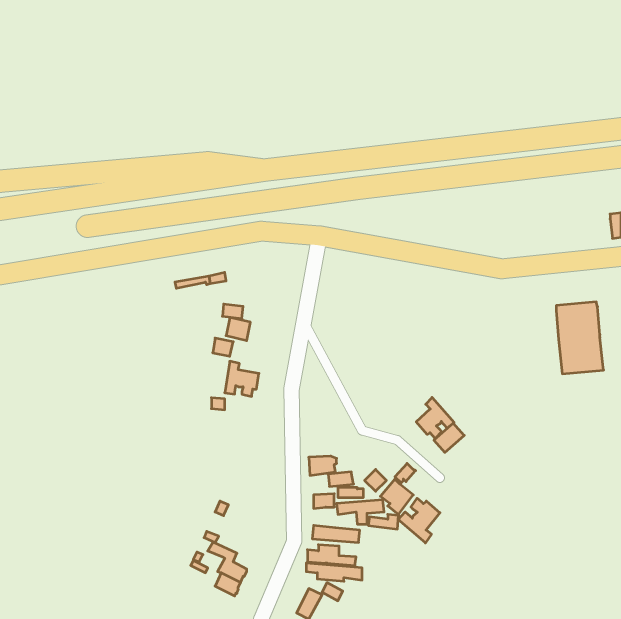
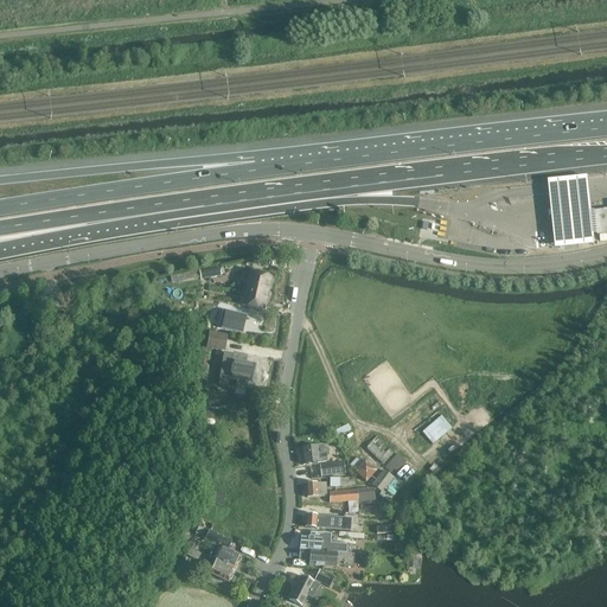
building: none -> [242,270,271,308]
building: [556,302,604,374] -> [548,179,594,249]
building: [416,397,454,438] -> none
building: [398,498,440,543] -> none

